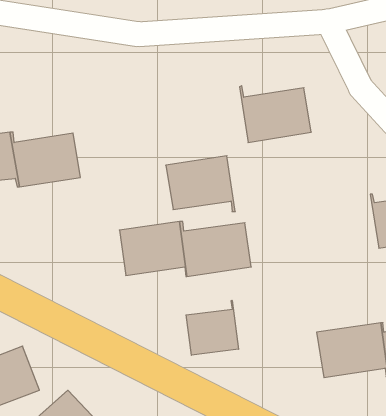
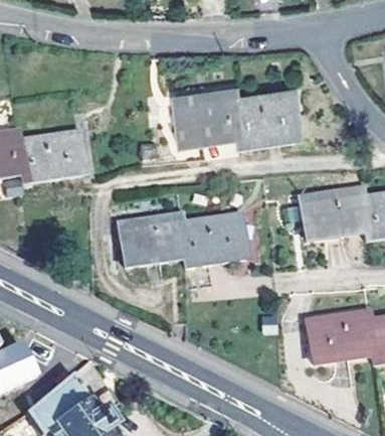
building: [166,156,235,212] -> [176,86,242,139]
building: none -> [301,188,367,241]
building: [186,300,239,355] -> none

